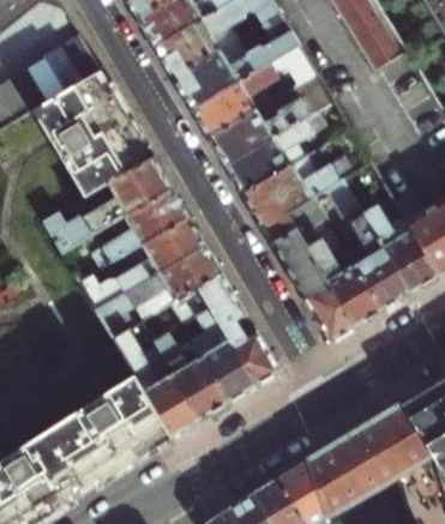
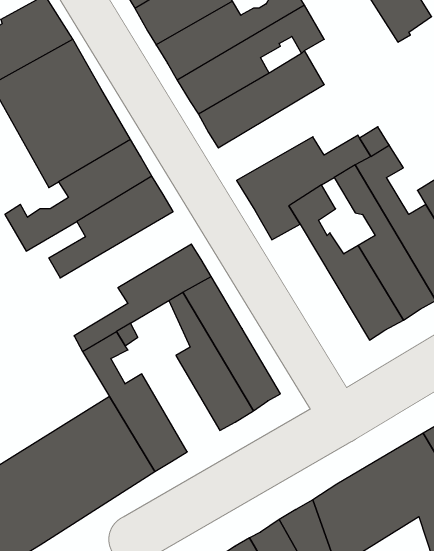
building: [225,109,327,191] -> none
building: [79,217,203,308] -> none
building: [271,228,354,339] -> none
building: [151,331,227,421] -> none

